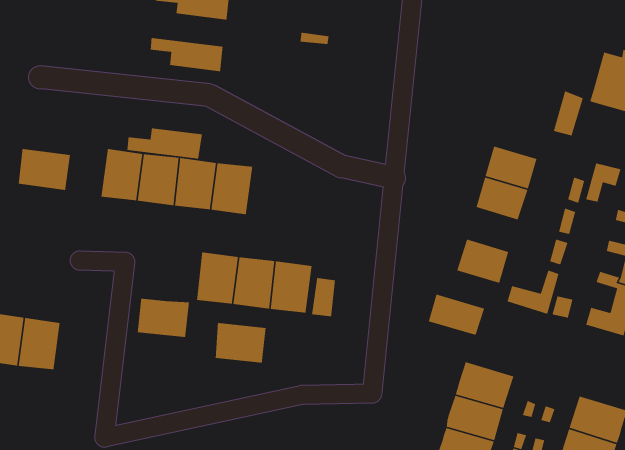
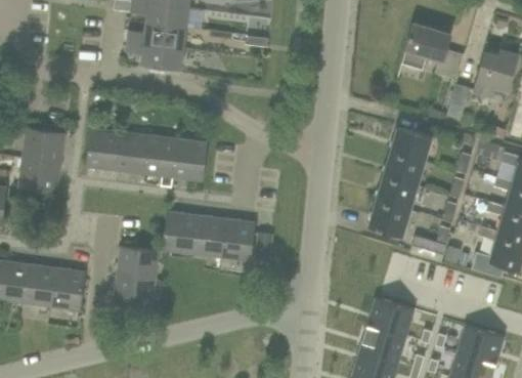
building: none -> [402,22,464,78]
building: [126,127,203,160] -> [127,22,187,47]
building: none -> [17,157,59,191]
building: none -> [377,175,418,210]
building: [428,294,485,336] -> none
building: [215,322,266,364] -> [114,275,155,307]
building: none -> [50,266,84,308]

